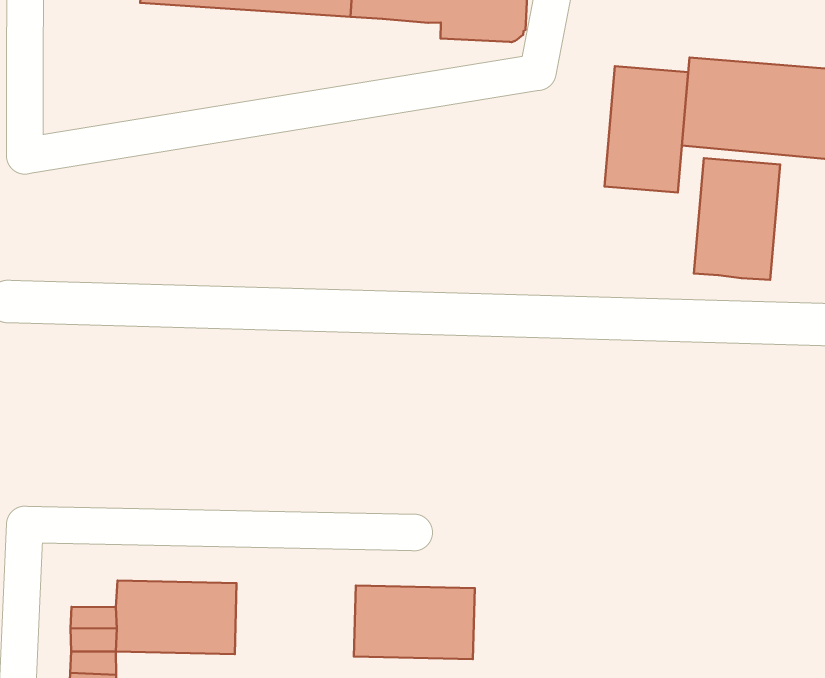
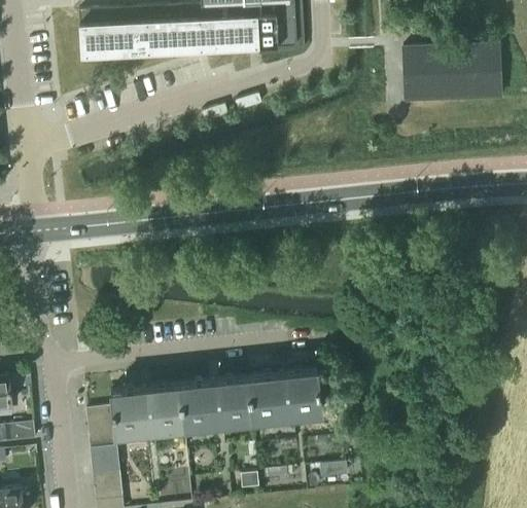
building: [605,66,688,193] -> none
building: [694,158,780,280] -> none
building: none -> [179,380,252,429]

